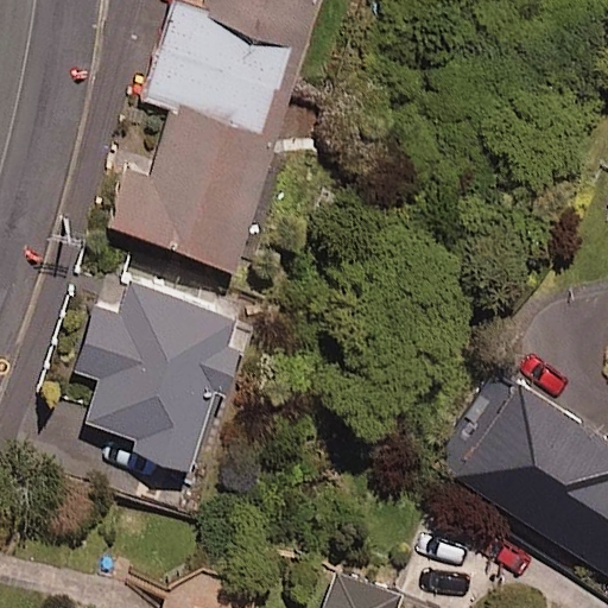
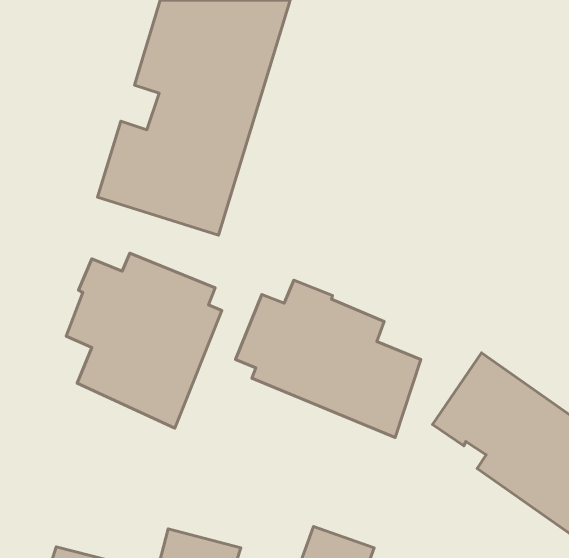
building: none -> [235,280,421,437]

